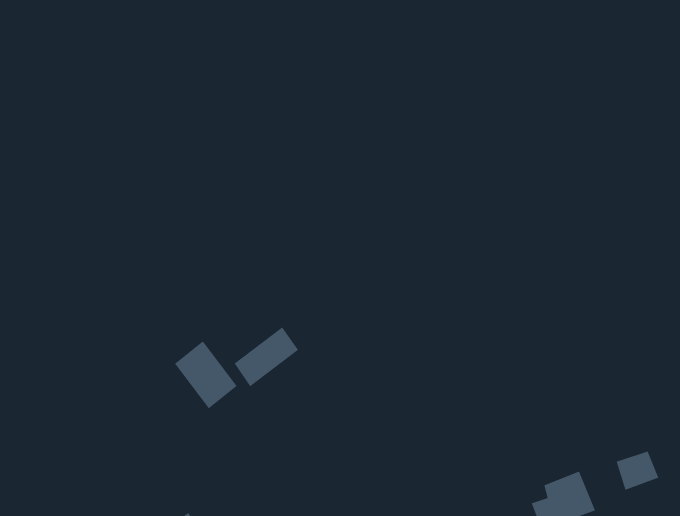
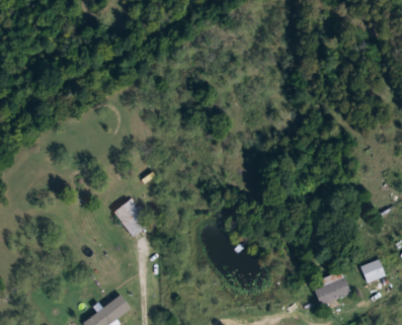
building: [234,326,299,387] -> none

